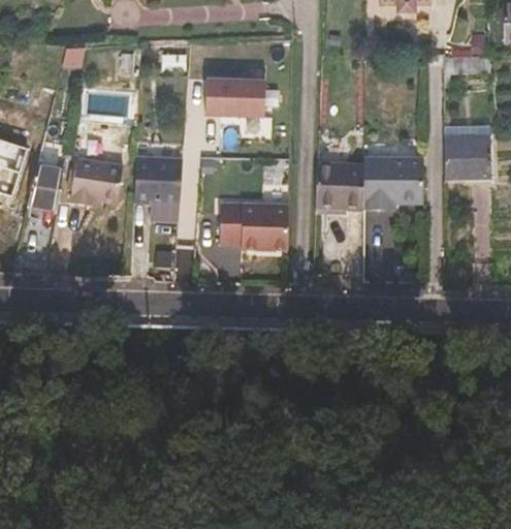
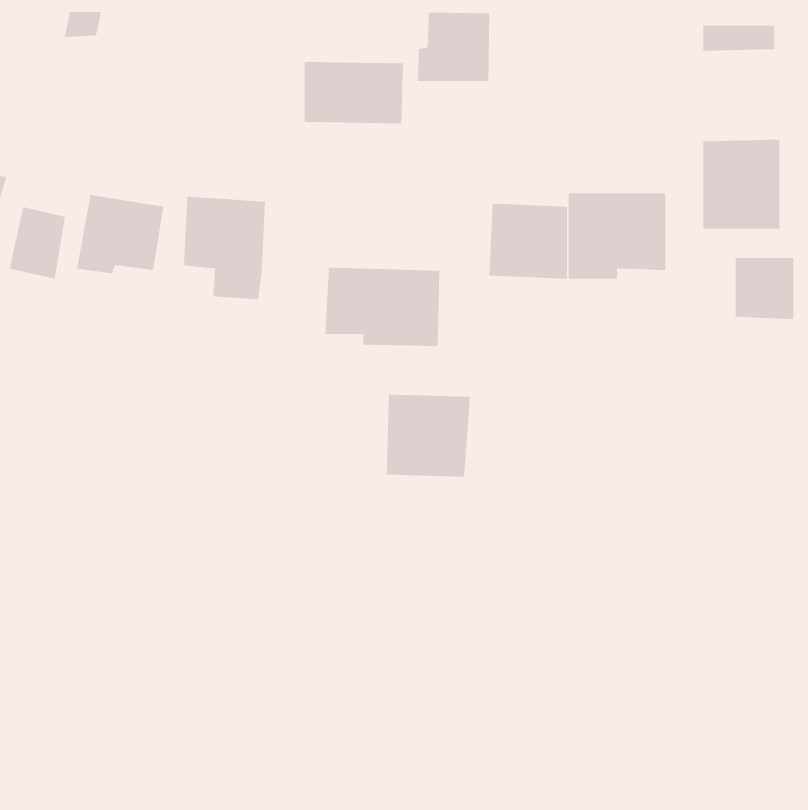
building: none -> [417,12,490,82]
building: none -> [735,257,794,320]
building: none -> [386,394,470,478]

